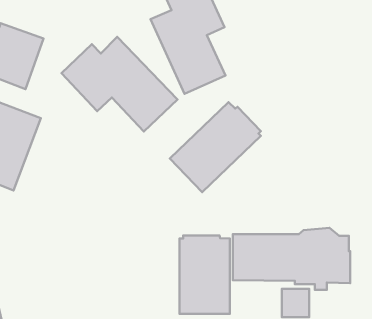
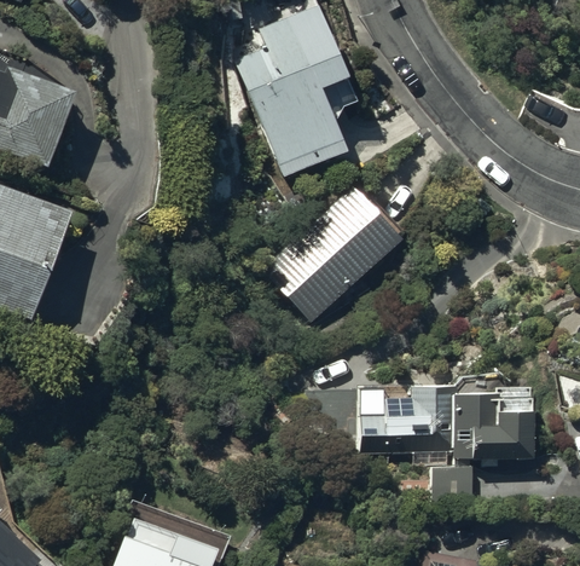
building: [61,37,177,131] -> none
building: [179,235,230,314] -> none

